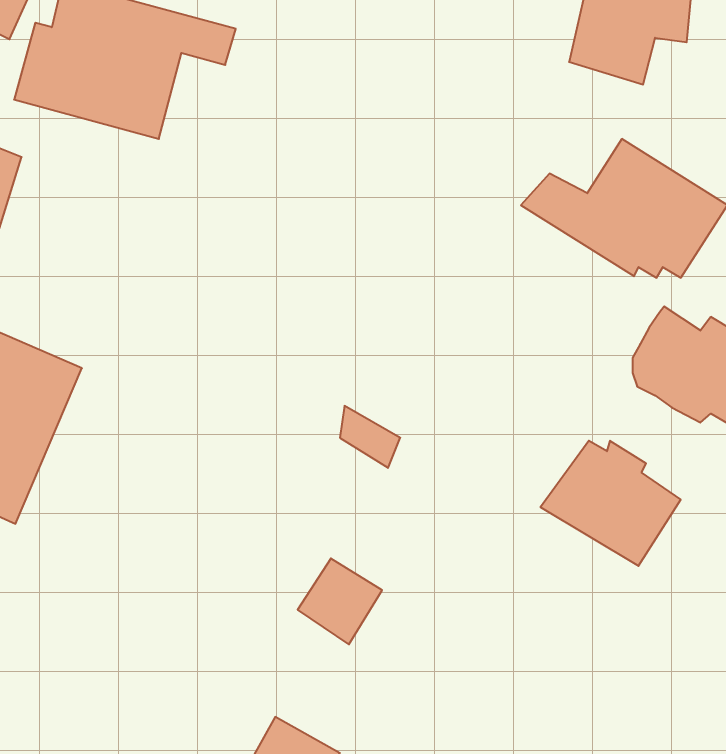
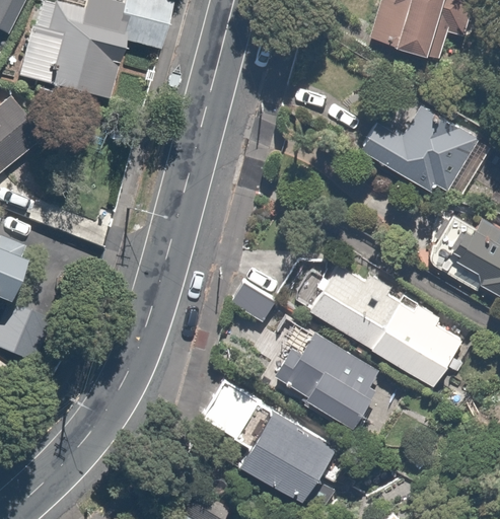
building: none -> [308,266,400,348]
building: none -> [276,331,385,428]
building: none -> [236,411,331,496]

